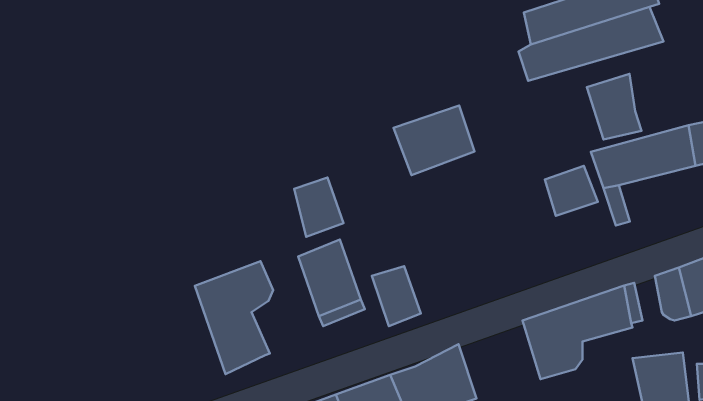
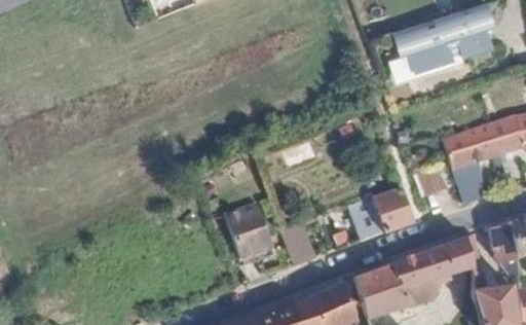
building: [587,74,641,139] -> none
building: [394,106,474,175] -> [352,188,412,240]
building: [294,177,343,237] -> none
building: [195,261,273,374] -> none
building: none -> [355,262,405,316]

